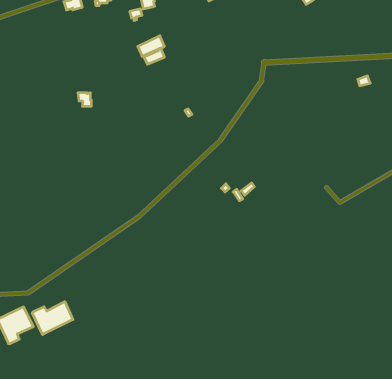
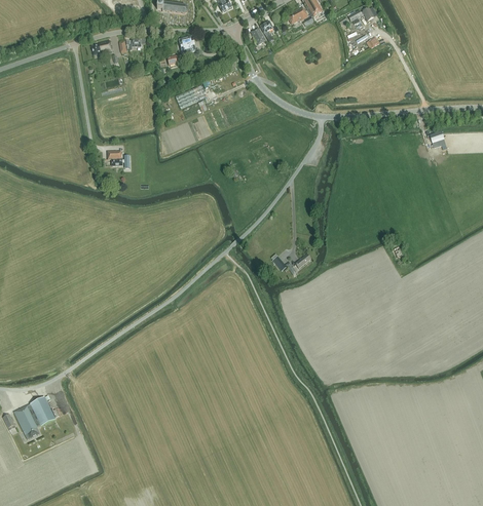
building: [32,302,73,335] -> none

